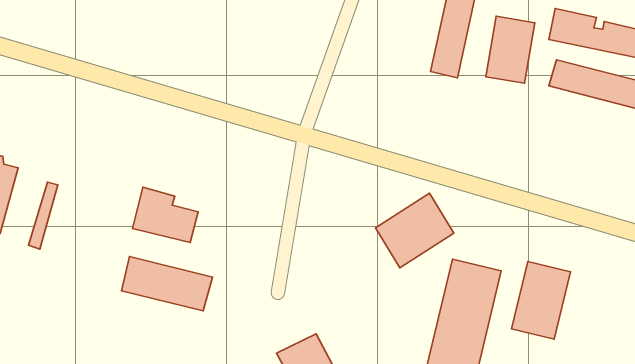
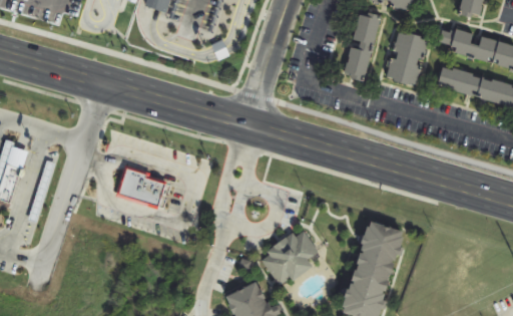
building: [375,193,454,268] -> [261,228,322,286]
building: [121,256,212,311] -> none
building: [512,261,570,339] -> none

